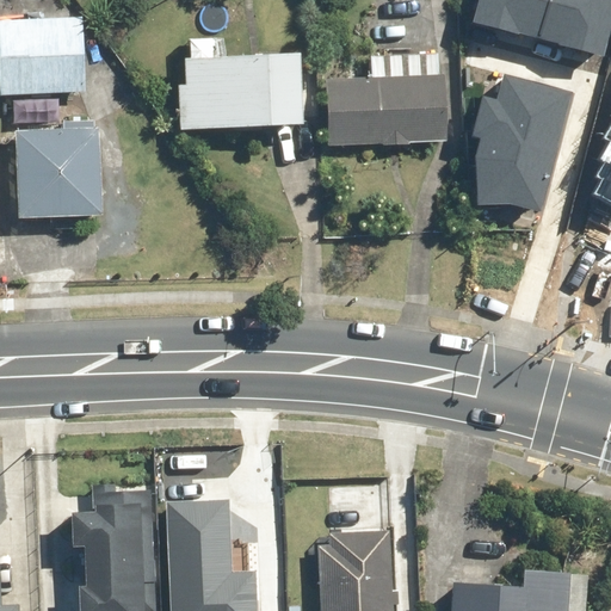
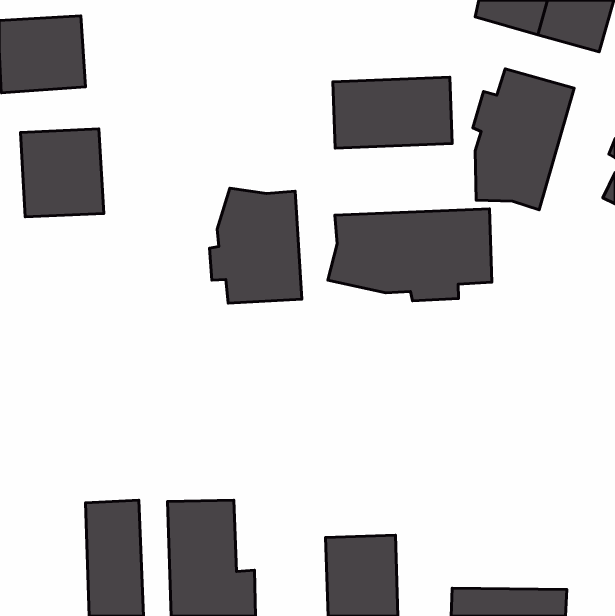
building: [184,53,306,132] -> none
building: none -> [209,188,302,303]
building: none -> [328,209,492,301]

